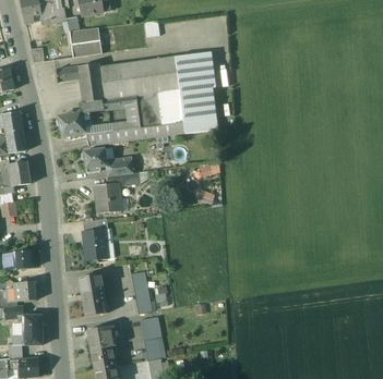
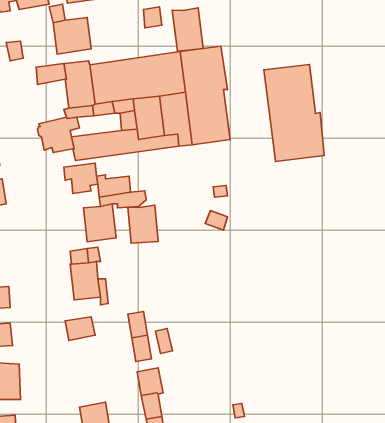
building: none -> [172,8,203,51]
building: none -> [264,64,324,162]
building: none -> [128,205,158,243]
building: [82,291,107,318] -> none
building: [87,326,116,351] -> none

